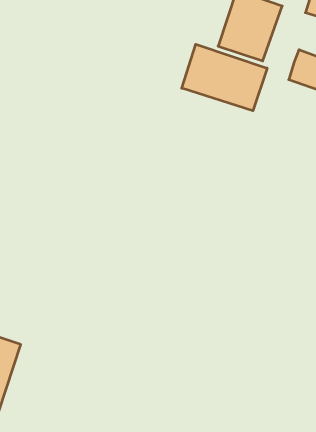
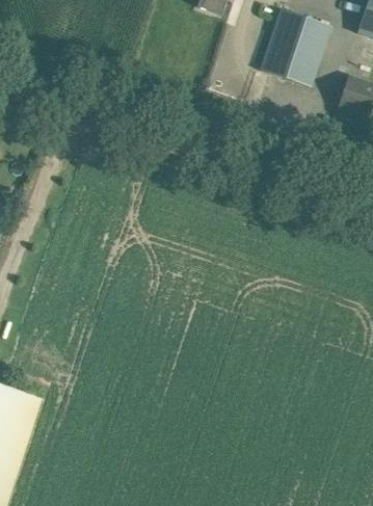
building: [182,44,267,111] -> none

